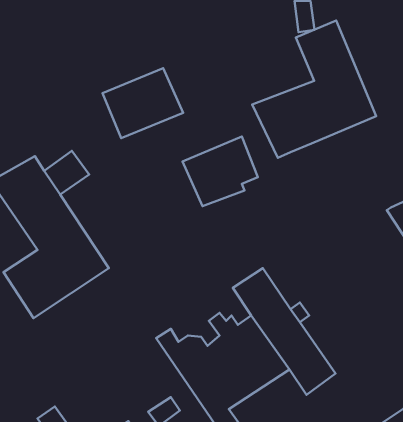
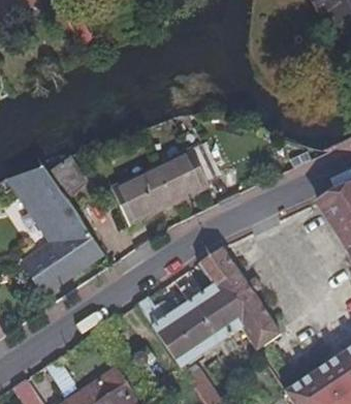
building: [252,20,376,158] -> none
building: [103,68,183,138] -> [110,165,173,220]

